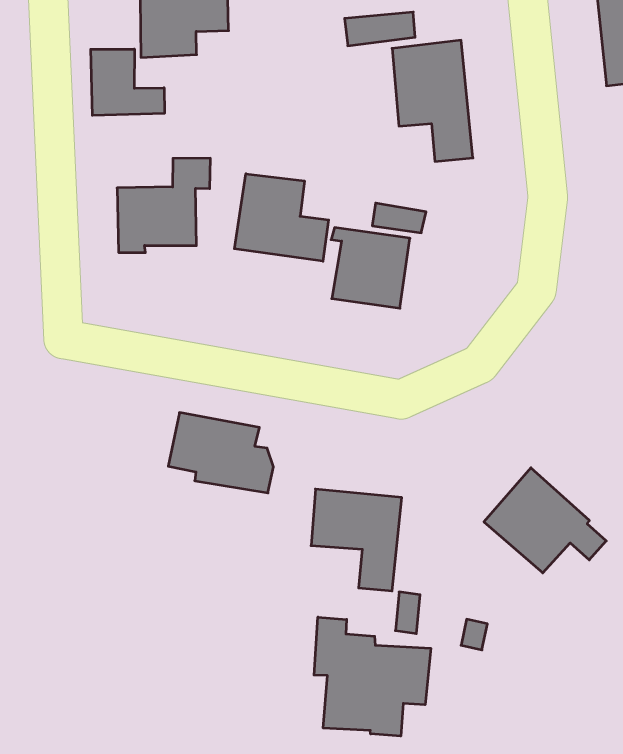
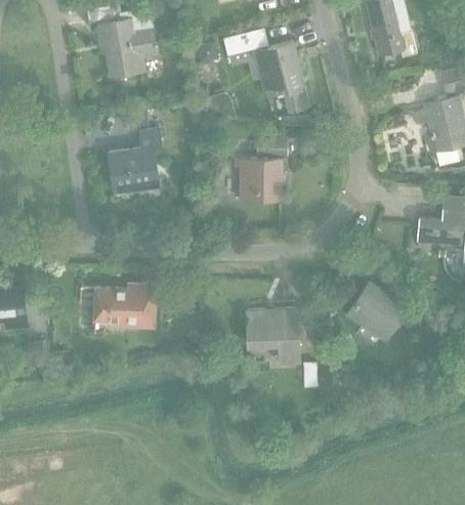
building: [91,49,164,115] -> none
building: [234,174,329,261] -> none
building: [168,413,273,493] -> [93,289,154,328]
building: [314,617,431,736] -> none

